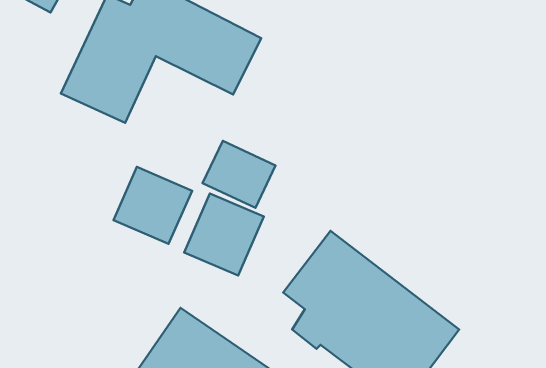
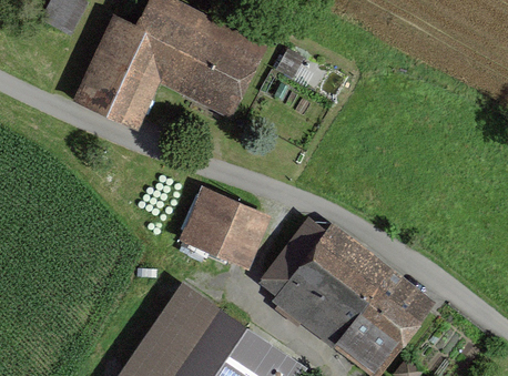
building: [203,141,276,208] -> none
building: [114,167,192,244] -> none

